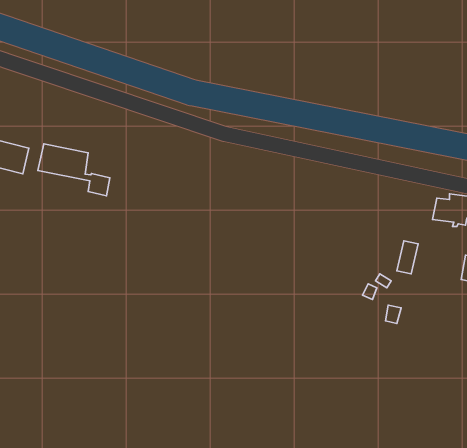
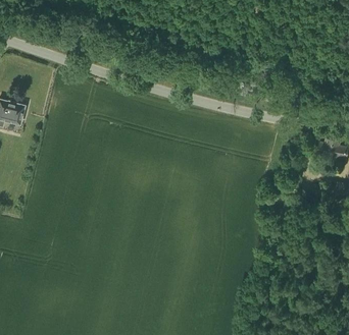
building: [38,144,110,196] -> none

